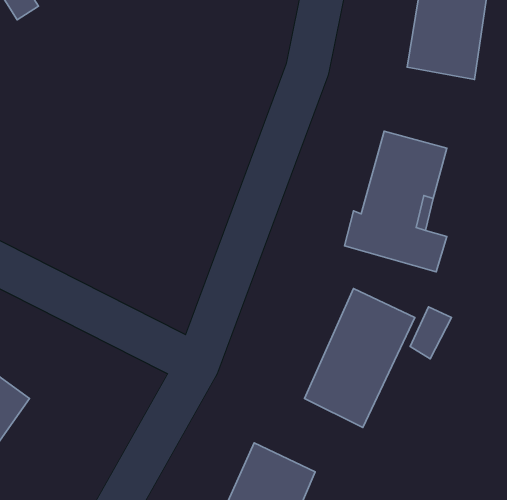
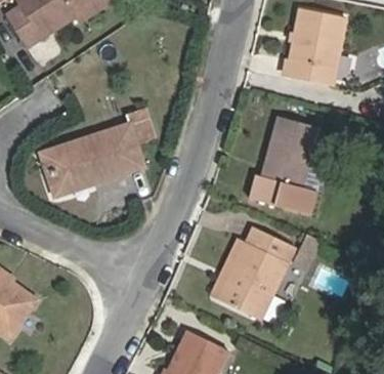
building: none -> [46,107,154,189]

